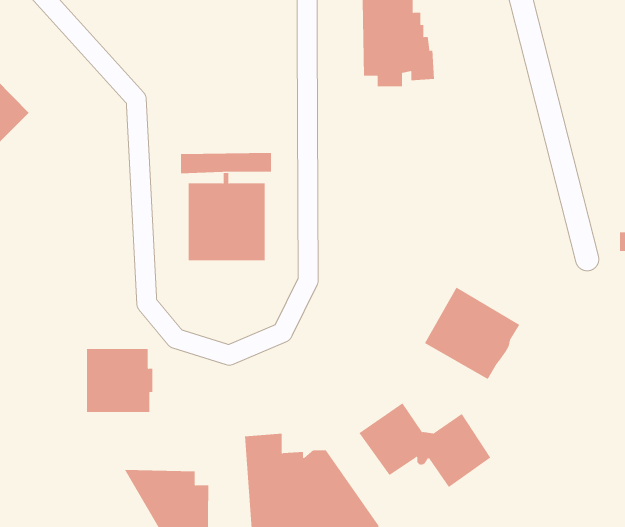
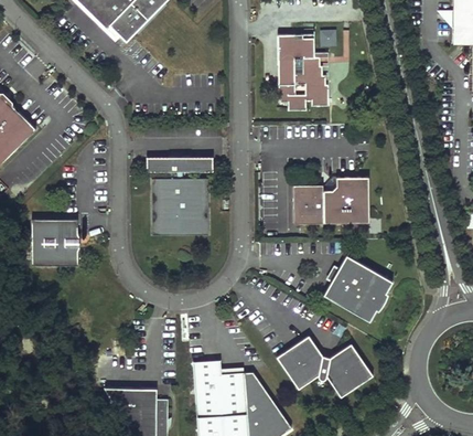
building: none -> [295,177,370,222]
building: [86,348,153,412] -> [32,217,80,264]

